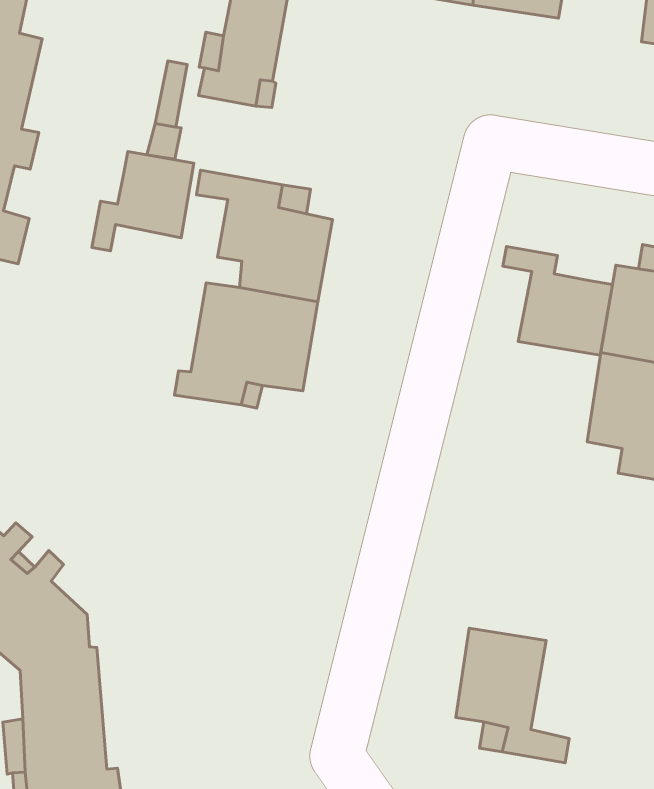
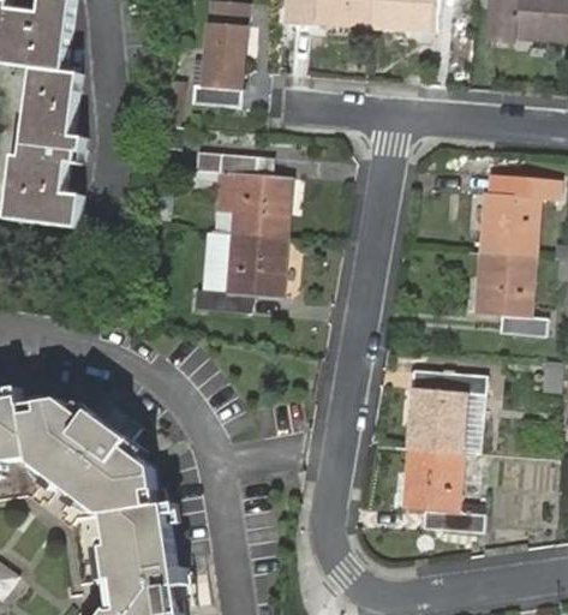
building: [92,151,194,251] -> none
building: [503,246,612,355] -> none
building: none -> [407,371,484,452]

